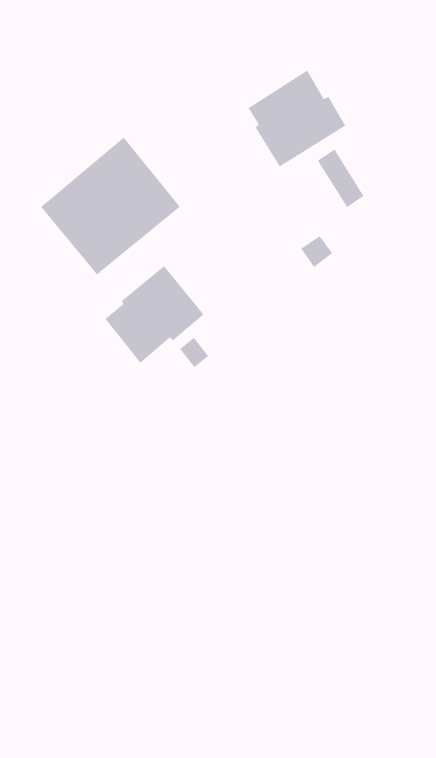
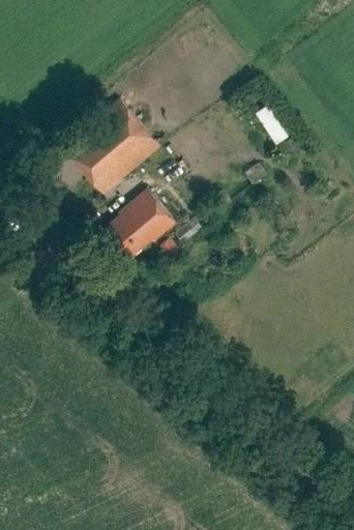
building: [247,70,346,168] -> none

